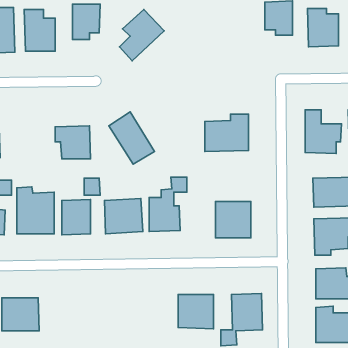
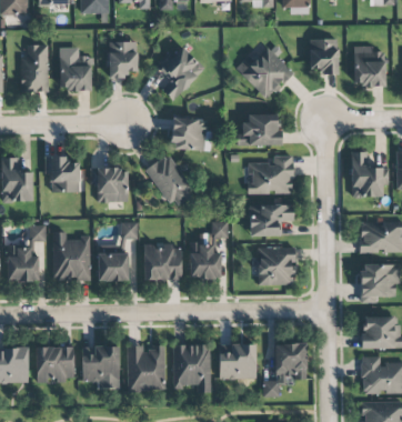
building: none -> [235,47,292,99]
building: none -> [240,113,280,144]
building: none -> [171,115,211,150]
building: none -> [44,155,80,191]
building: none -> [249,203,293,235]
building: none -> [172,344,211,392]
building: none -> [82,345,119,388]
building: none -> [127,345,164,390]

